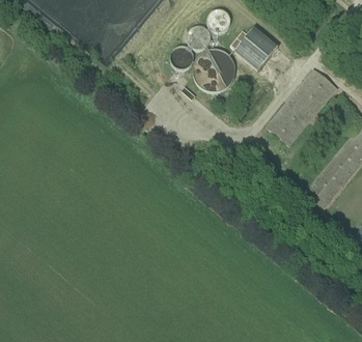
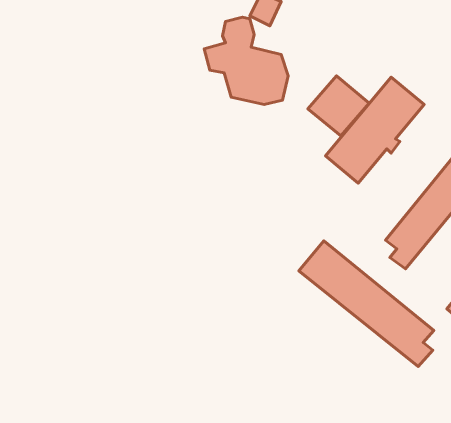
building: [233,27,278,70] -> [308,76,369,136]
building: none -> [299,241,434,366]

